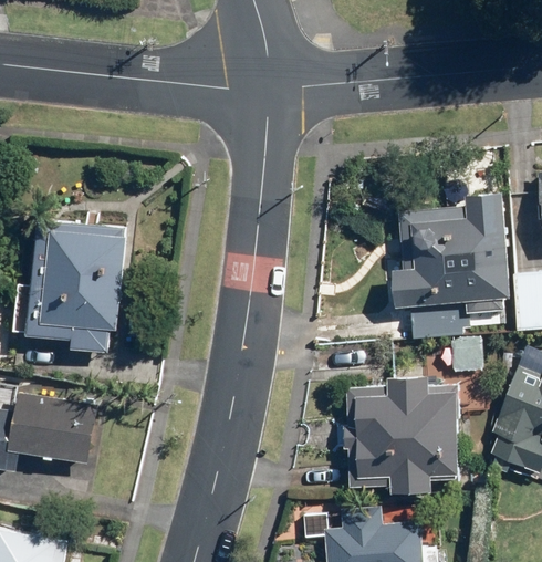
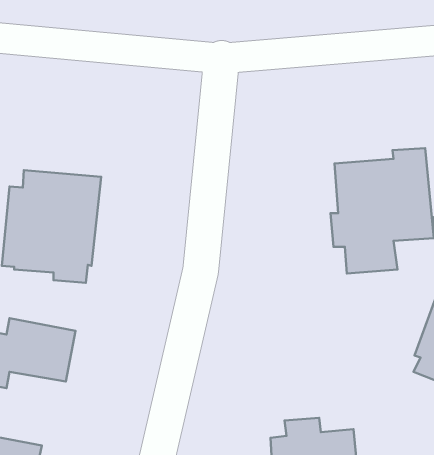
building: [344,378,462,495] -> none

